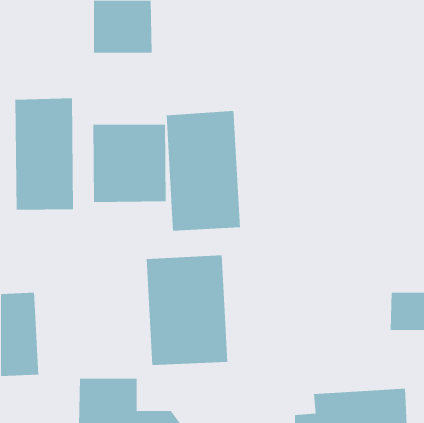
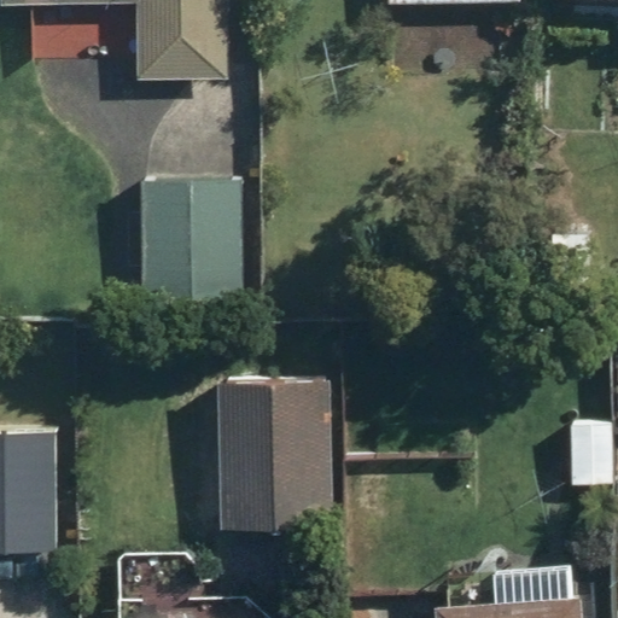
building: [15,98,74,210] -> none
building: [166,110,240,231] -> none

